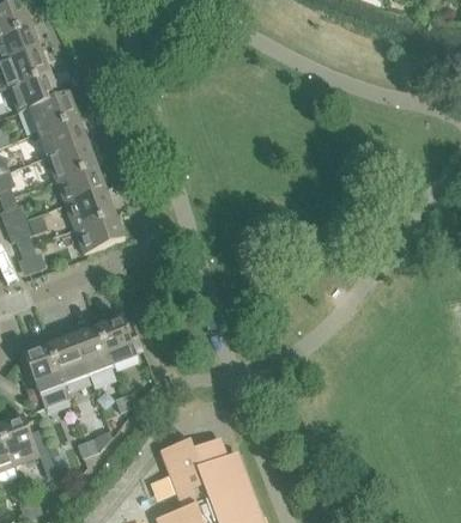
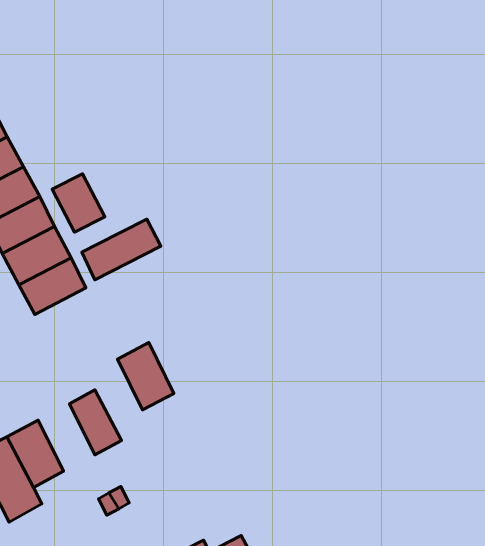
building: none -> [52,174,105,232]
building: none -> [82,219,161,280]
building: [75,323,115,373] -> [117,343,174,410]

